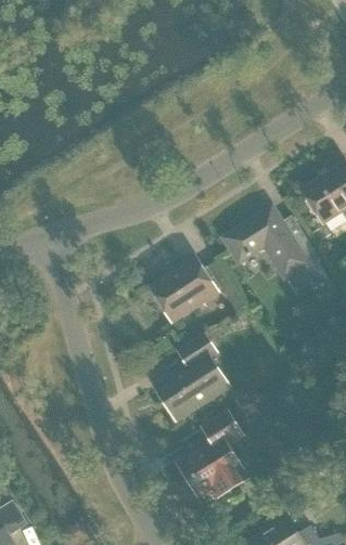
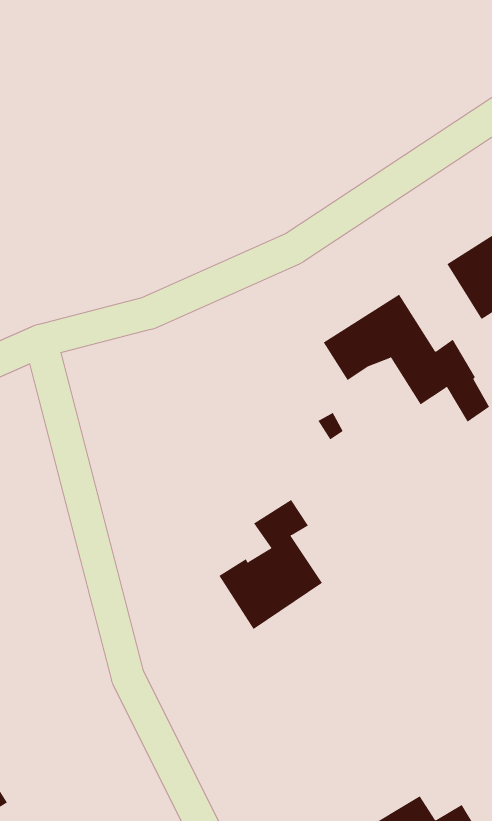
building: [154,258,216,320] -> none
building: [182,414,245,495] -> none

